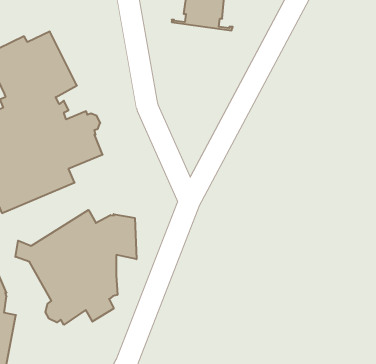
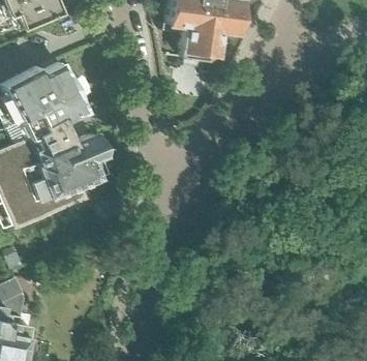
building: [15,210,136,325] -> none

